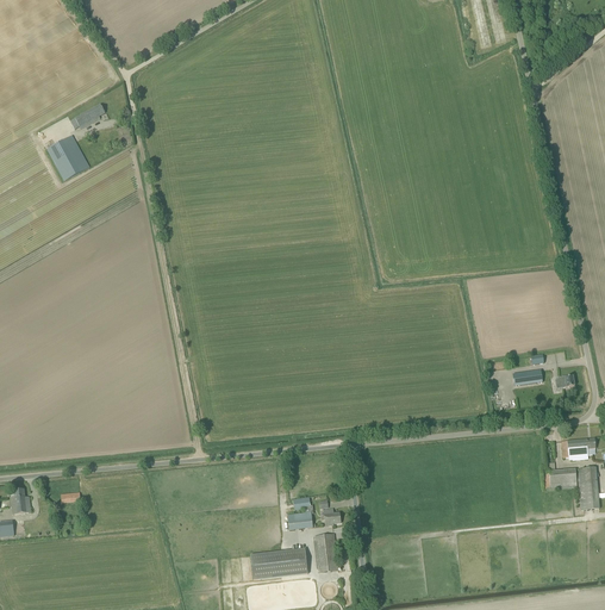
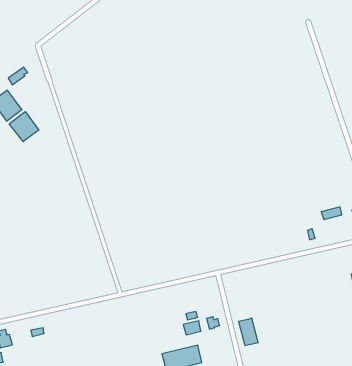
building: none -> [9,112,39,142]
building: [313,533,338,572] -> [239,318,258,346]

